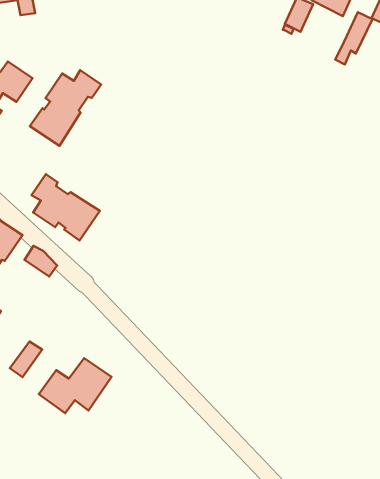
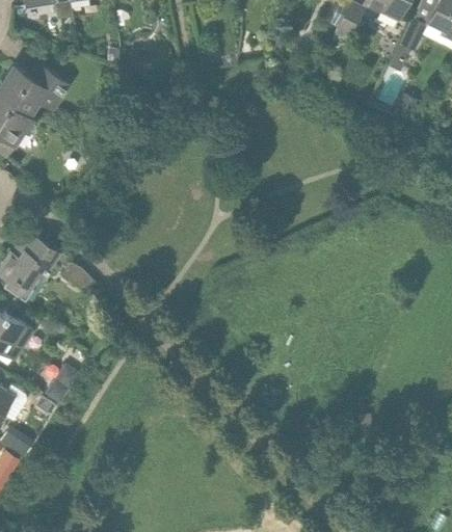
building: [30,70,101,146] -> none
building: [31,174,100,241] -> none
building: [39,358,111,413] -> none

